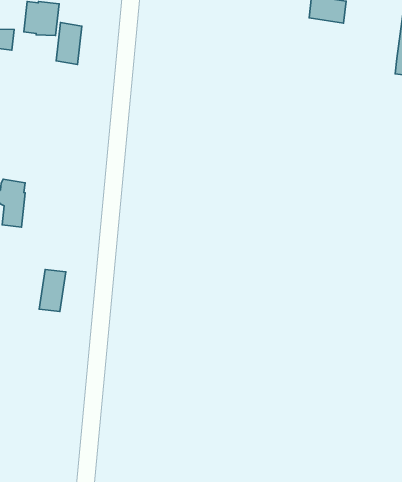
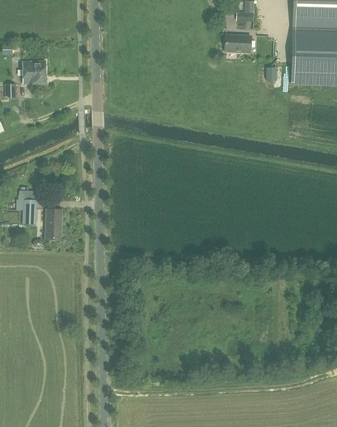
building: [56,23,82,64] -> none
building: [39,269,66,312] -> [46,209,62,238]

